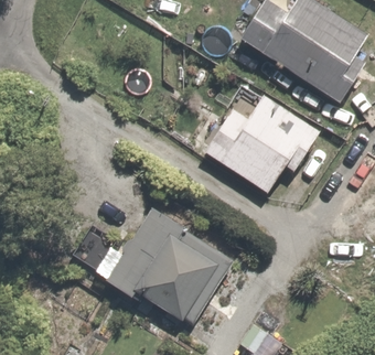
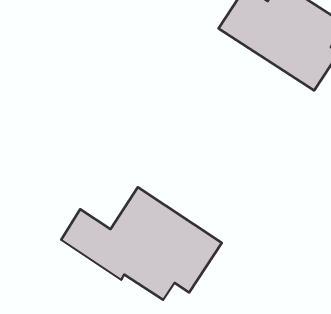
building: [203,89,324,193] -> none

